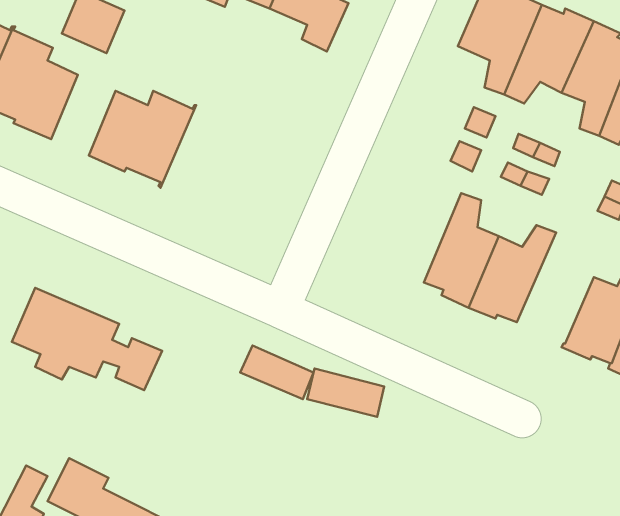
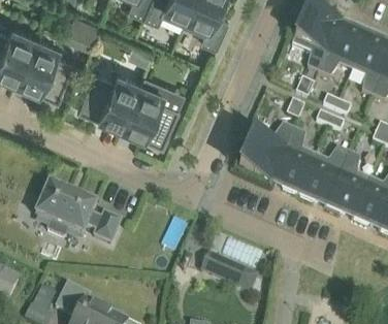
building: none -> [121,79,179,144]
building: none -> [239,125,294,182]
building: none -> [324,153,370,217]
building: [240,346,314,399] -> [202,255,245,286]

